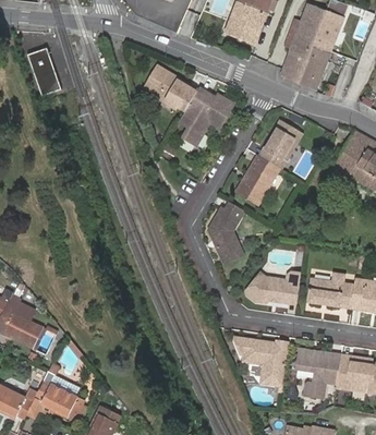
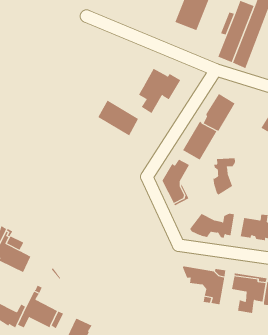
building: [25,48,60,97] -> none
building: [145,67,197,112] -> [98,100,139,136]
building: none -> [213,157,235,195]

